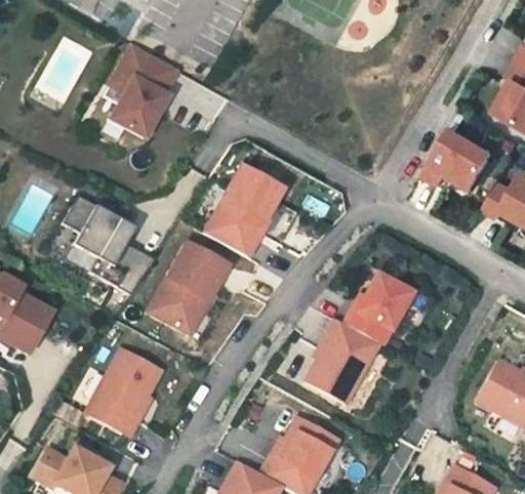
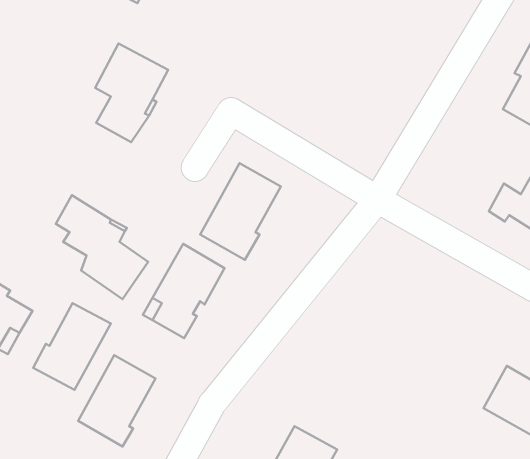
building: [422,129,492,191] -> none
building: [305,272,411,403] -> none
building: none -> [33,303,111,390]

